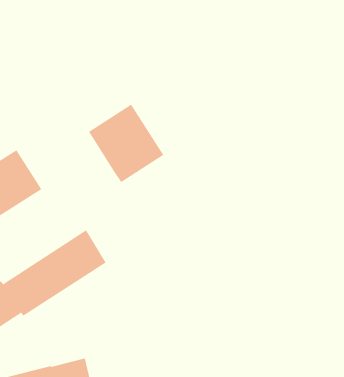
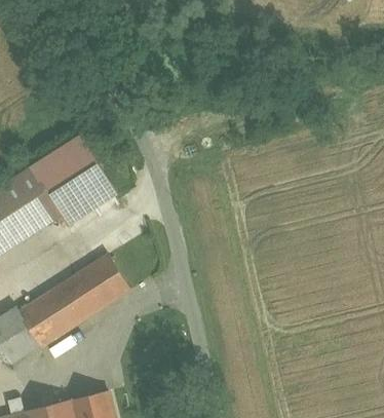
building: [88,104,164,183] -> [34,140,115,224]

